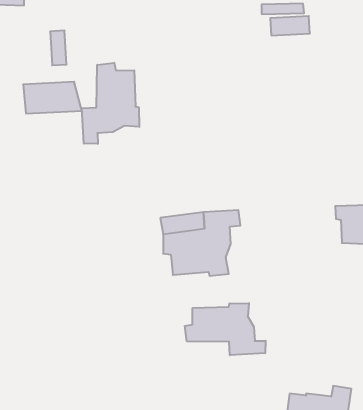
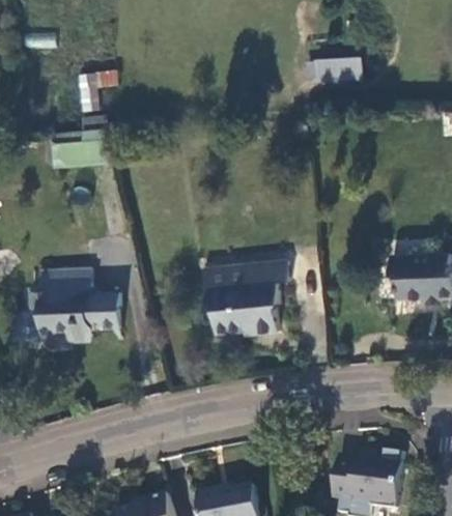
building: [82,63,139,144] -> none
building: none -> [32,277,120,351]
building: [185,303,266,355] -> none

